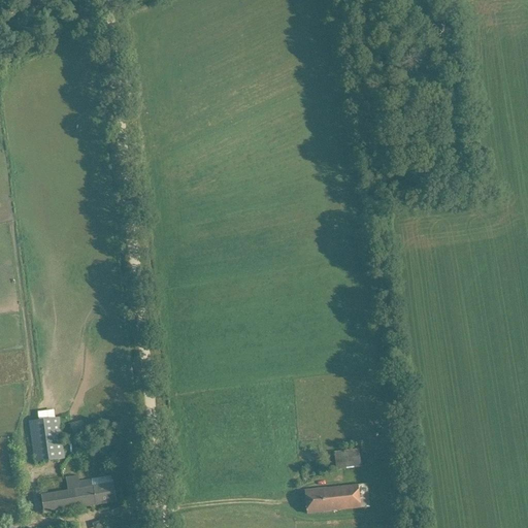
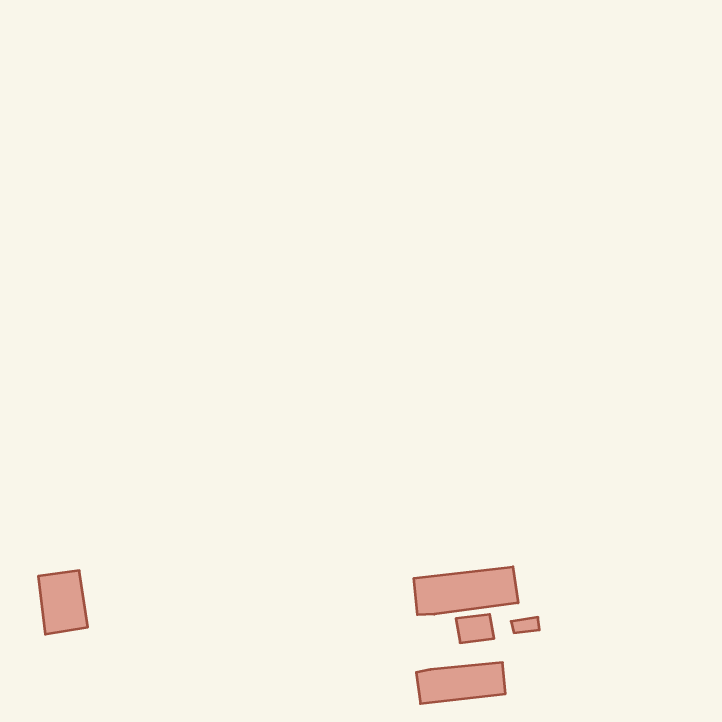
building: none -> [414,567,518,615]
building: [40,474,116,513] -> none

